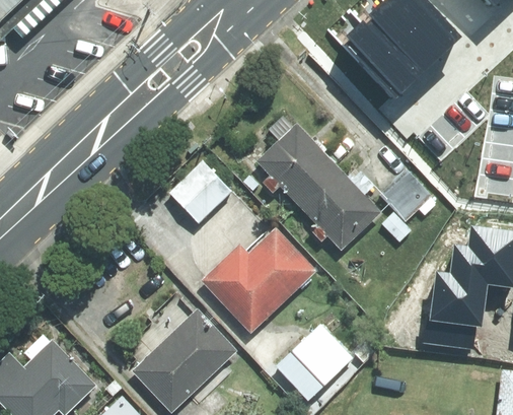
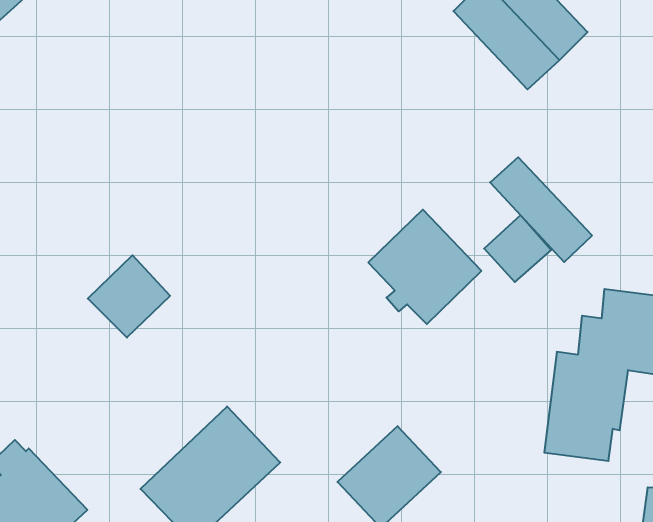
building: [341,23,415,99] -> [490,157,592,262]
building: [256,116,339,206] -> none
building: [170,161,230,221] -> [88,255,170,338]
building: [202,230,314,332] -> none

